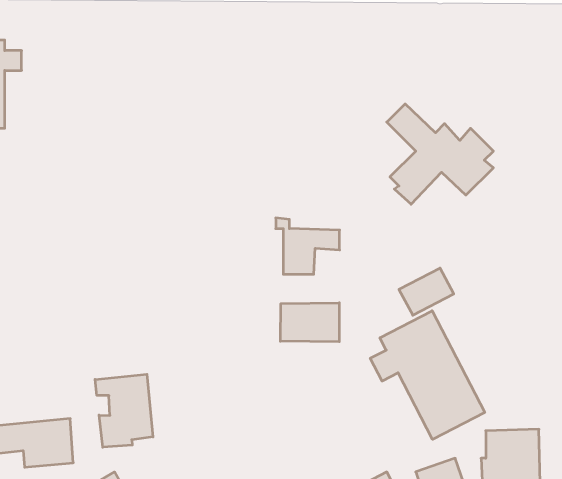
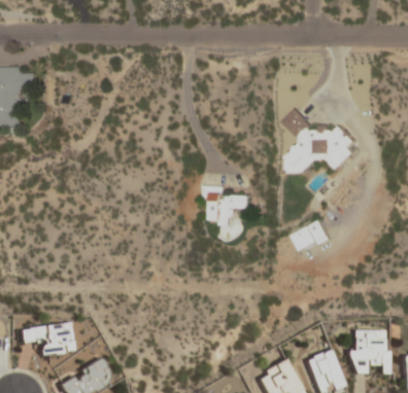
building: [280,303,339,342] -> none
building: [370,311,485,439] -> none
building: [95,374,153,447] -> none

